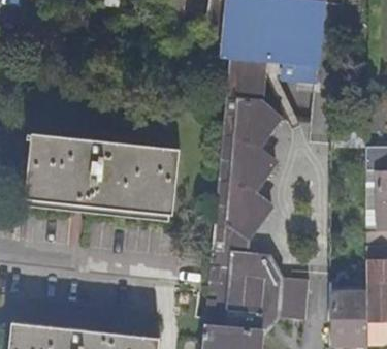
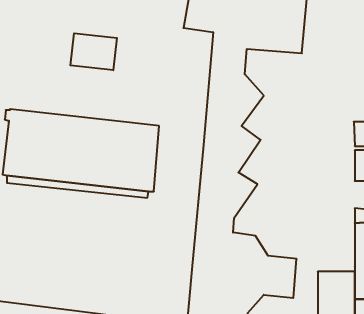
building: none -> [70,33,117,70]

